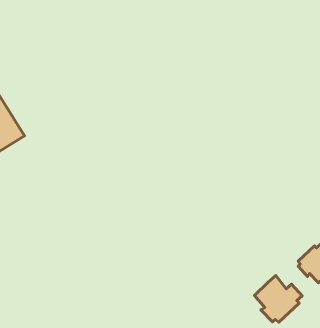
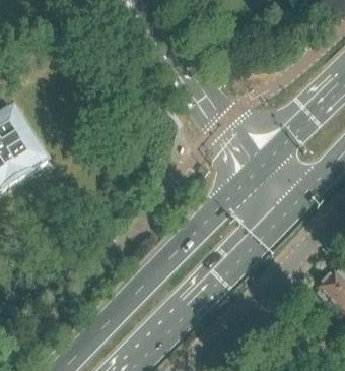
building: [254,276,302,322] -> none

